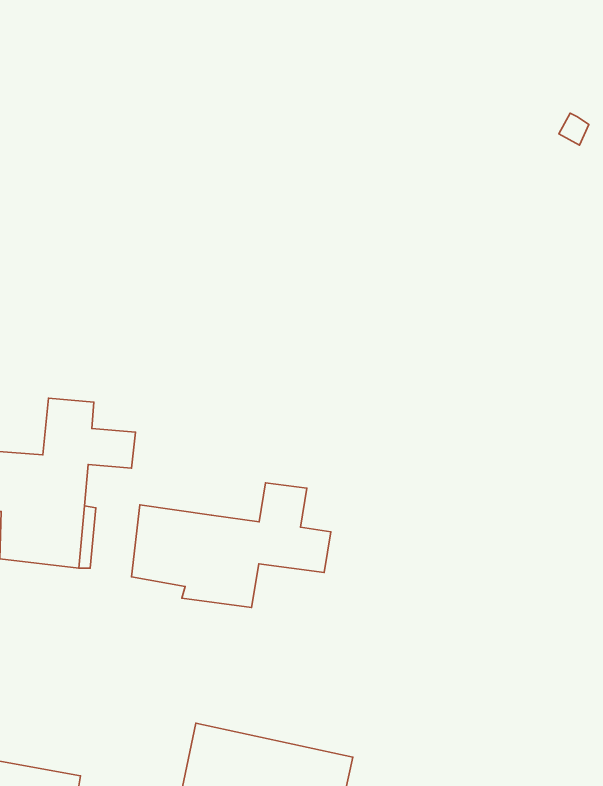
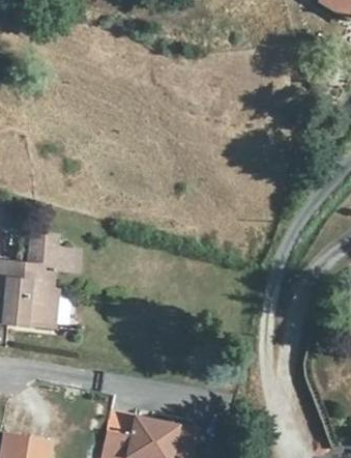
building: [131,483,331,608] -> none

